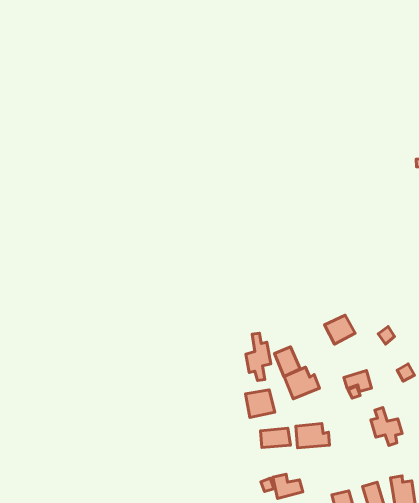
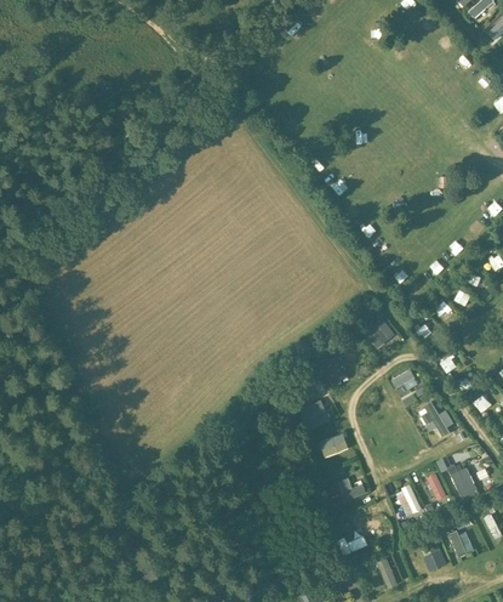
building: [246,333,271,381] -> none
building: [284,367,320,399] -> none
building: [296,424,329,448] -> none

